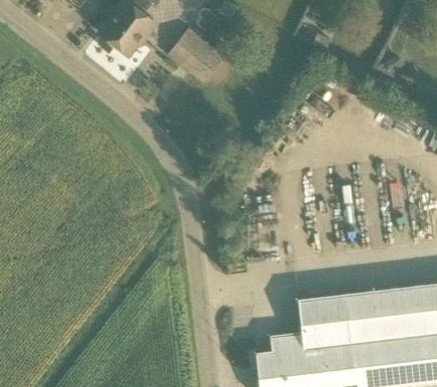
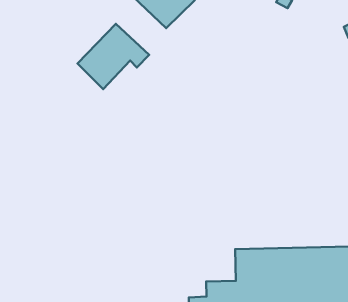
building: none -> [77,24,149,89]

